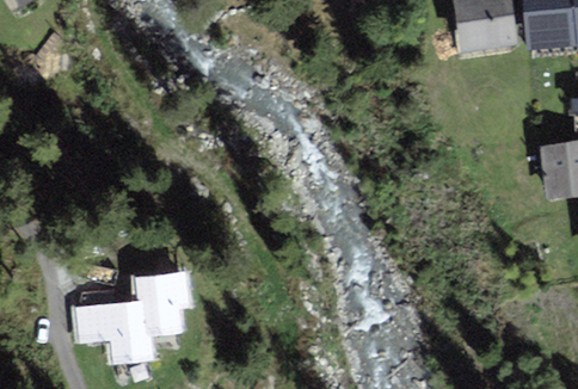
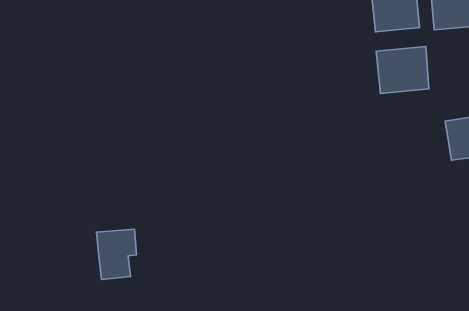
building: none -> [376,46,429,94]
building: [79,303,147,360] -> none

